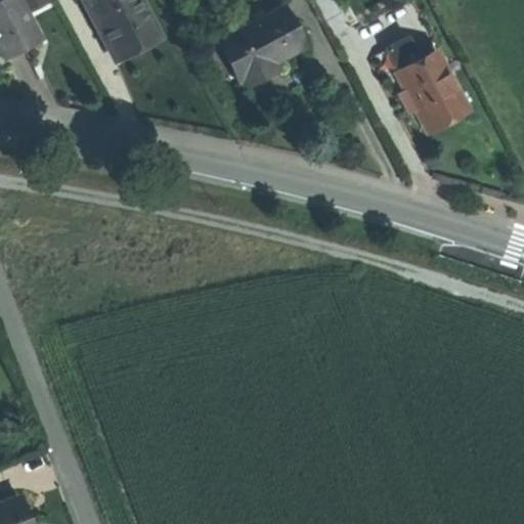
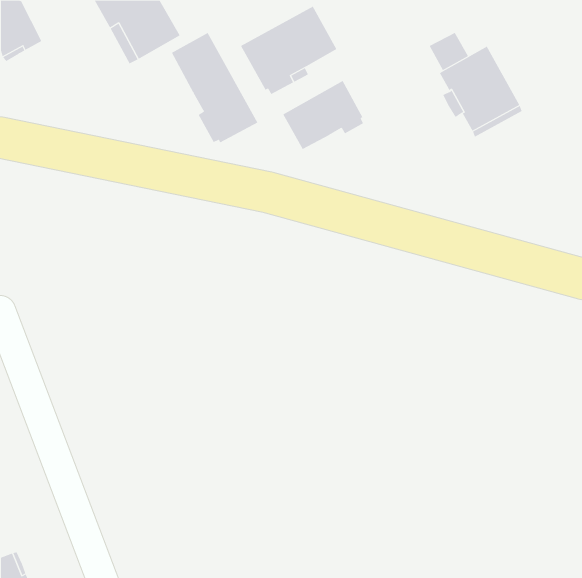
building: none -> [171,32,258,143]
building: none -> [283,80,364,150]

